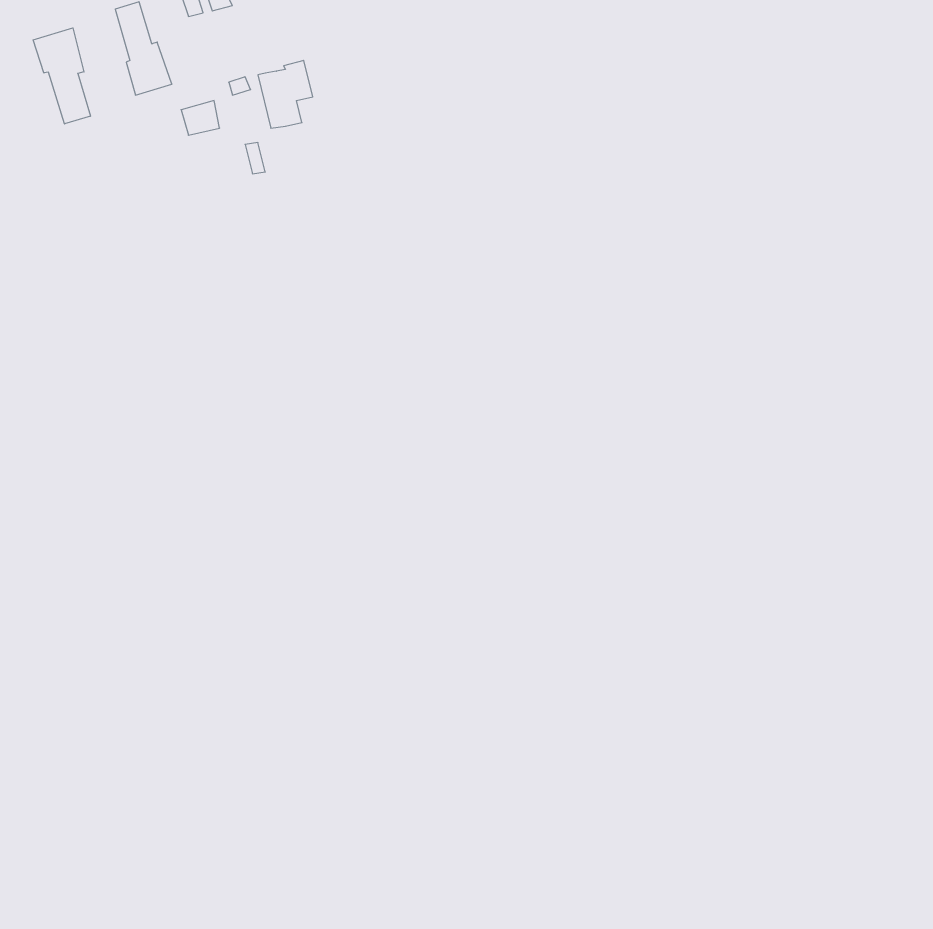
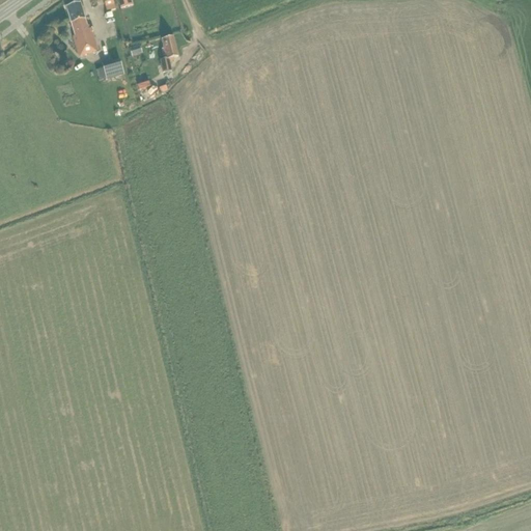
building: [33,28,90,124] -> none

